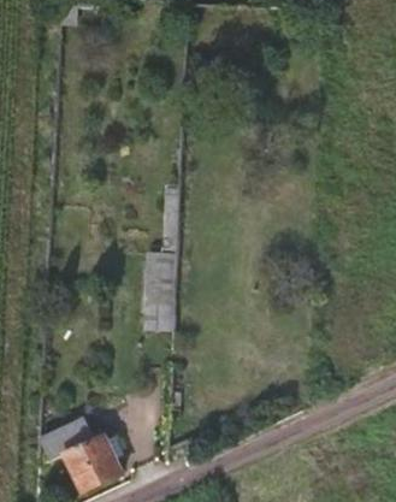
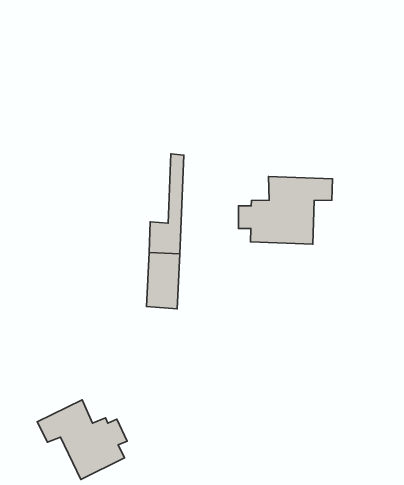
building: none -> [238,177,333,244]

